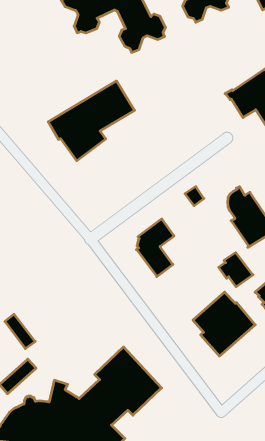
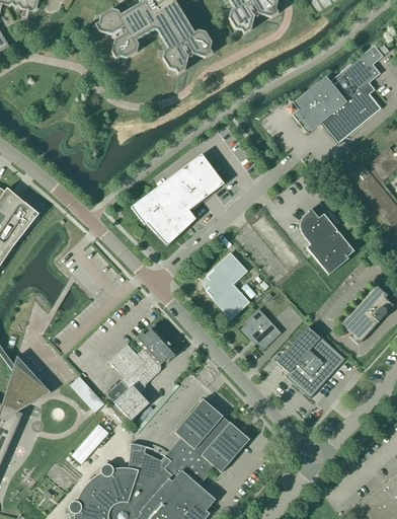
building: [48,81,135,161] -> [132,154,225,246]
building: [219,253,253,287] -> [242,310,281,348]
building: none -> [107,326,177,420]

